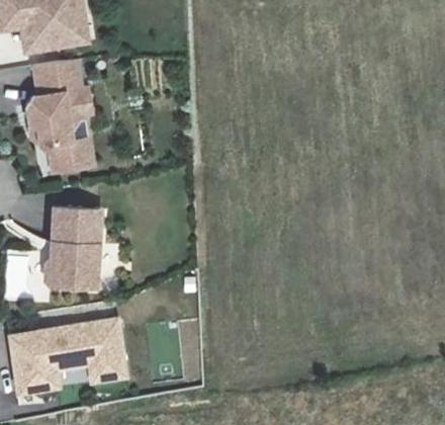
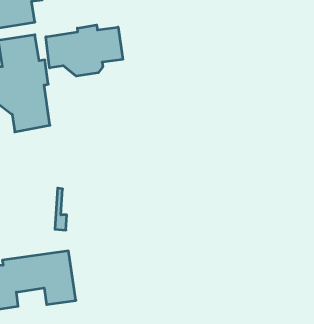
building: none -> [46,25,123,76]
building: [44,208,99,287] -> none

